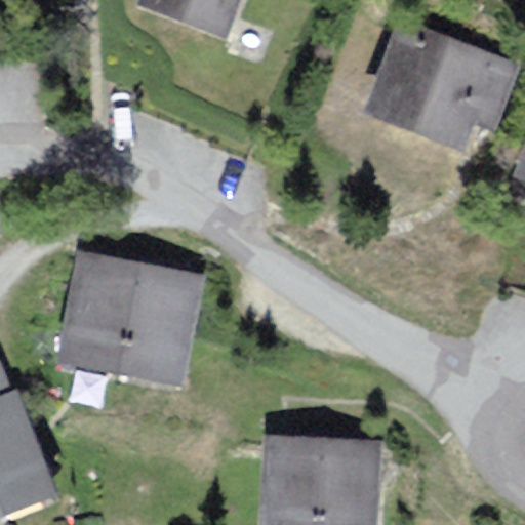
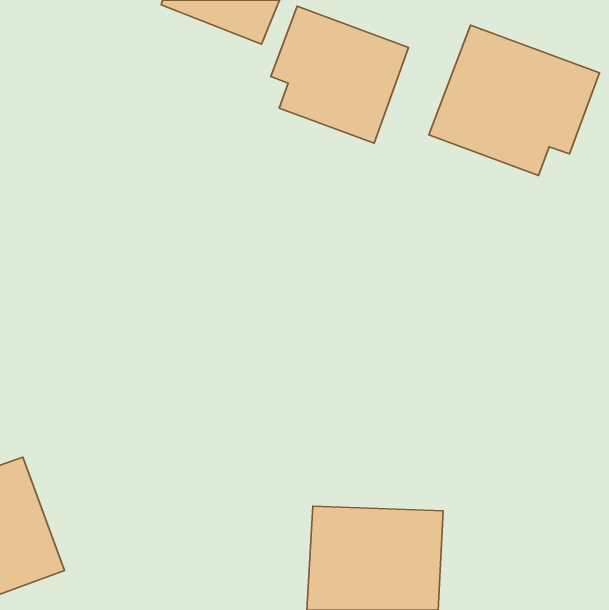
building: none -> [271,6,409,143]
building: [59,251,201,377] -> none

